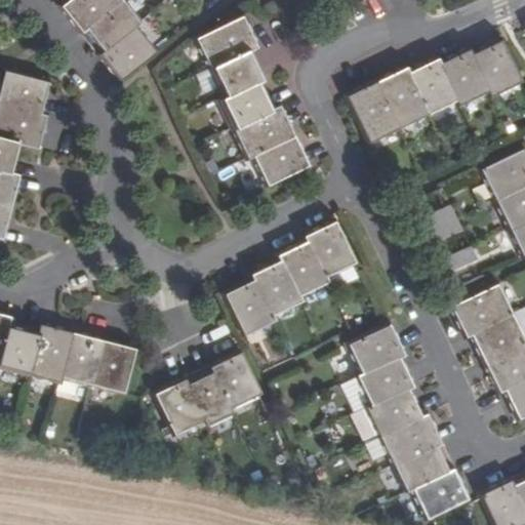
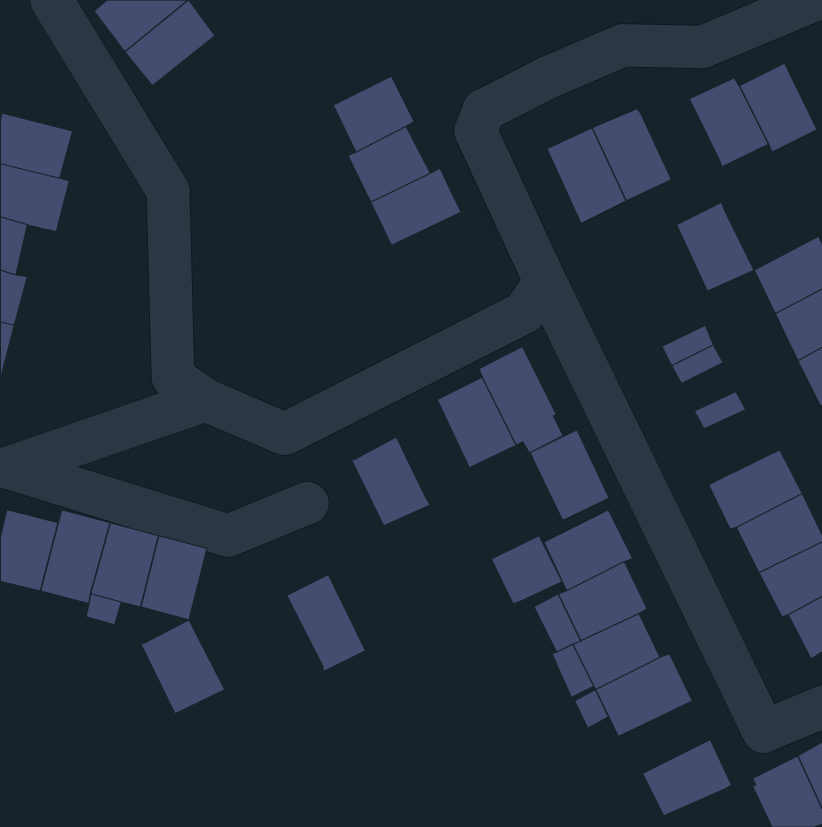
building: [199,16,258,67] -> none
building: [99,26,156,80] -> none
building: [409,57,458,114] -> [676,202,754,291]
building: [254,134,310,184] -> none
building: [252,257,302,315] -> [530,430,610,521]
building: none -> [491,536,562,604]
building: [211,351,260,408] -> none
building: [154,377,207,437] -> [141,620,225,714]
building: [395,444,453,491] -> none

